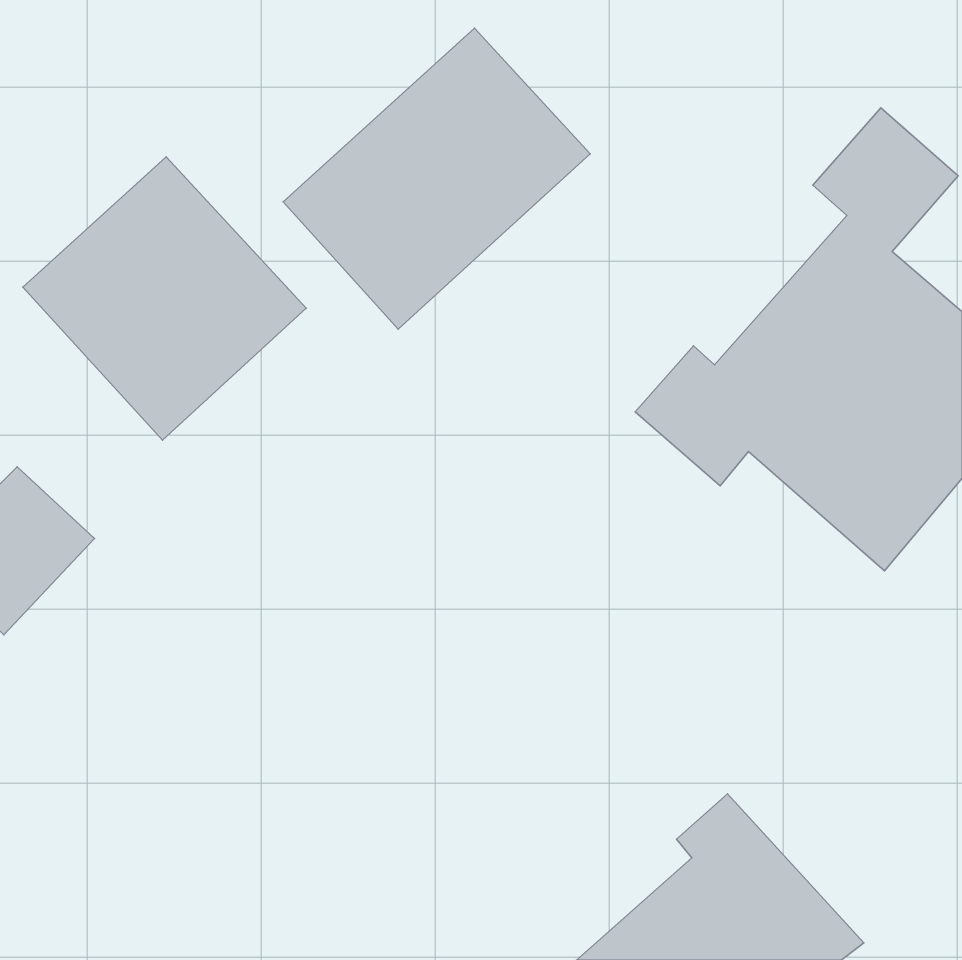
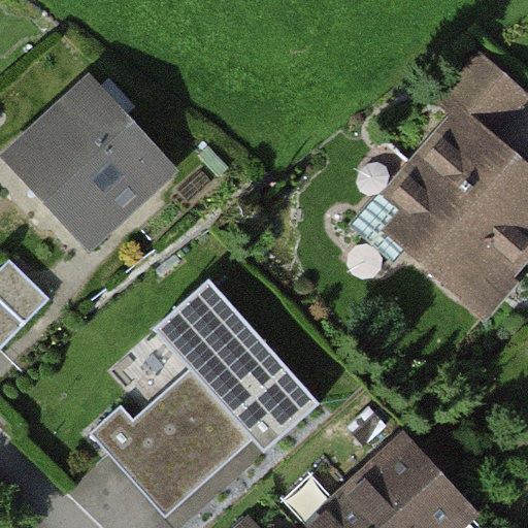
building: [283,28,590,329] -> none
building: none -> [91,278,321,515]

